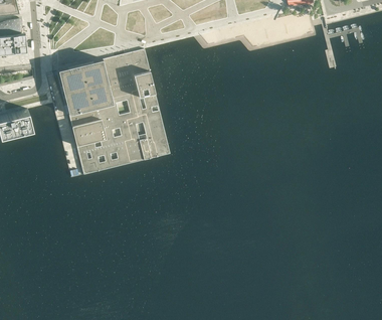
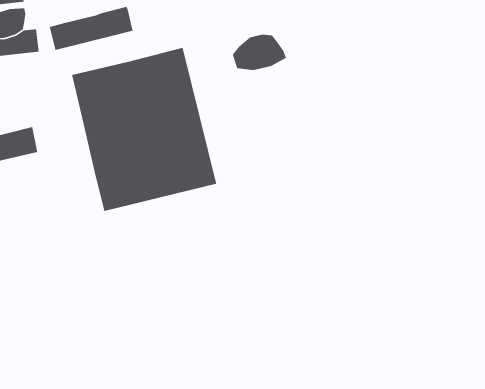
building: none -> [49,6,134,51]
building: none -> [232,34,287,71]

